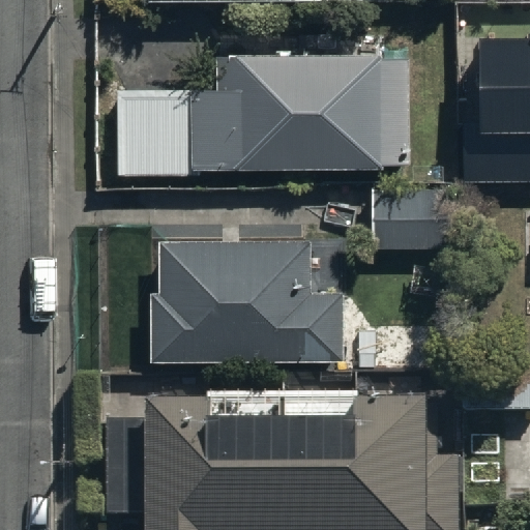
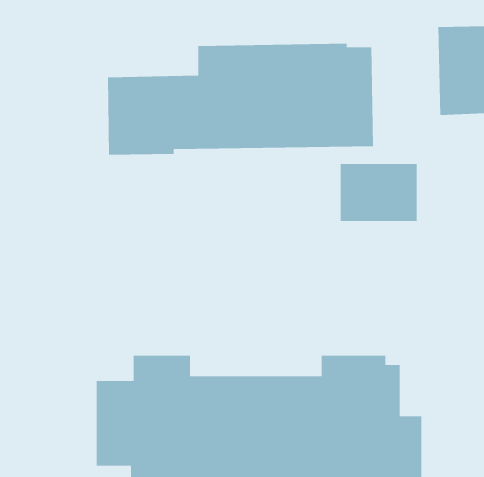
building: [150,238,344,361] -> none

